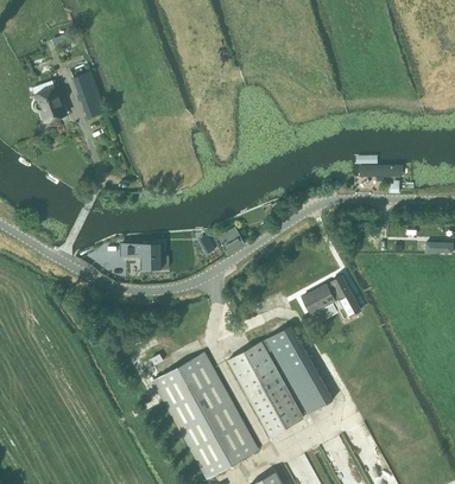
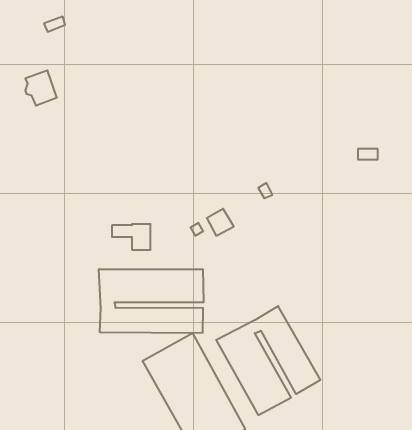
building: [72,71,106,119] -> none
building: [303,275,360,318] -> none
building: none -> [99,269,204,333]

